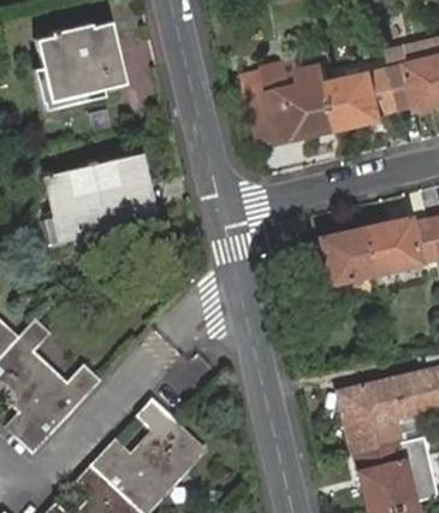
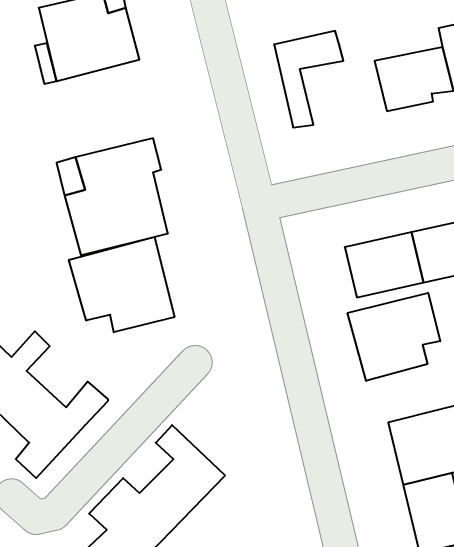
building: [267,58,344,135] -> none
building: none -> [69,237,174,332]
building: none -> [348,293,440,381]

